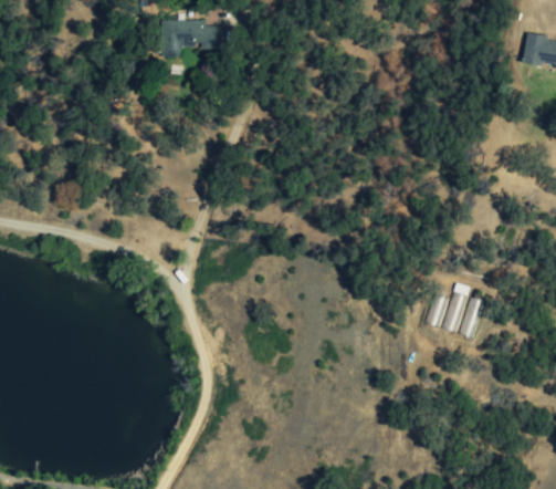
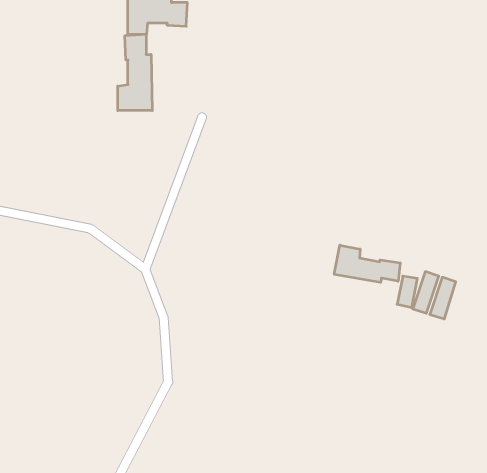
building: none -> [118,34,152,111]
building: none -> [334,245,400,282]

